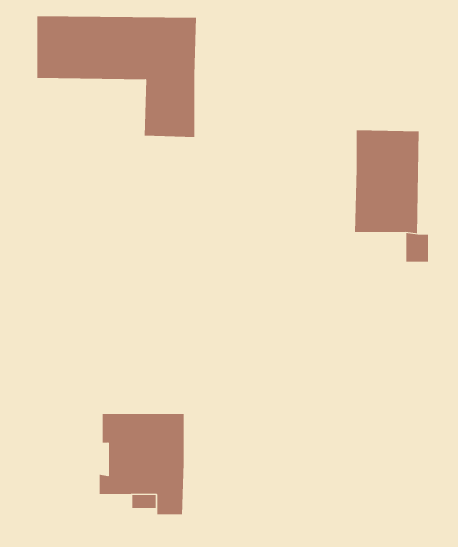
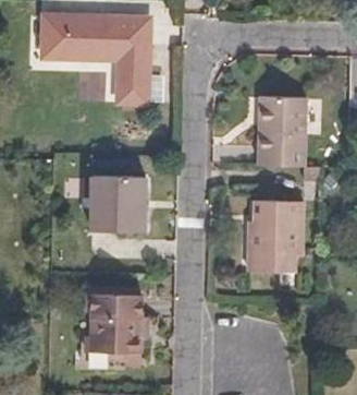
building: none -> [88,176,145,232]
building: none -> [250,200,300,285]

